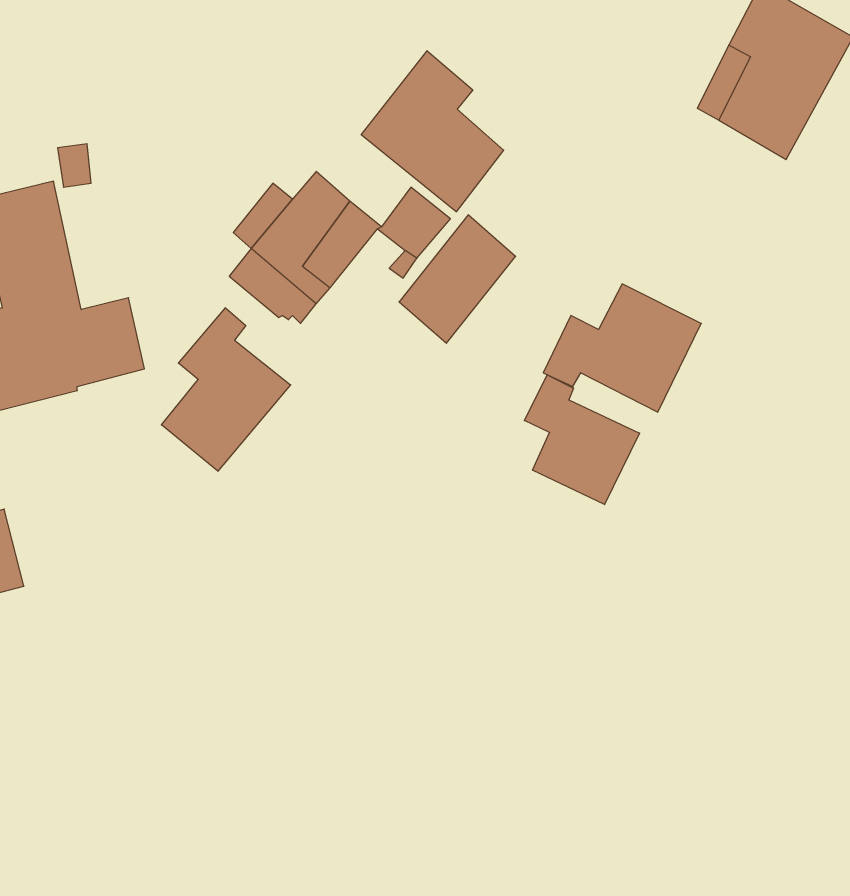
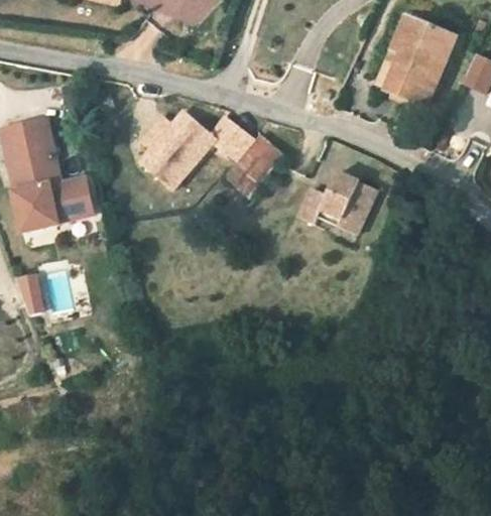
building: [361,51,504,212] -> none
building: [161,308,291,471] -> none
building: [524,375,640,505] -> none

